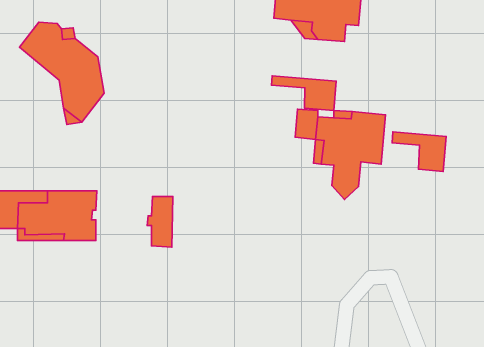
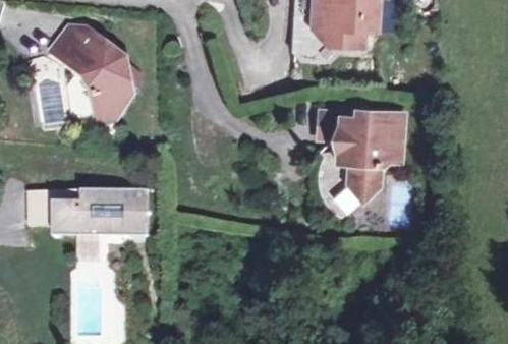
building: [272,76,336,110] -> none
building: [392,132,446,171] -> none
building: [147,197,173,247] -> [123,187,148,235]

